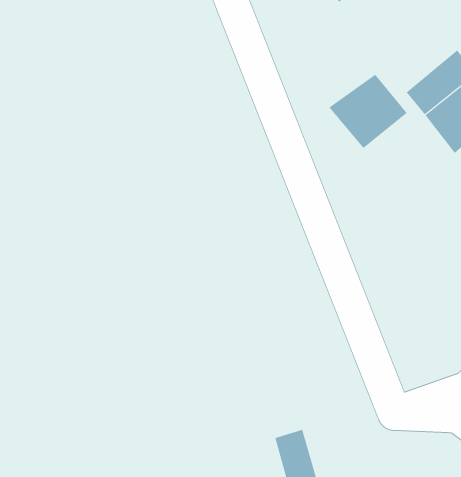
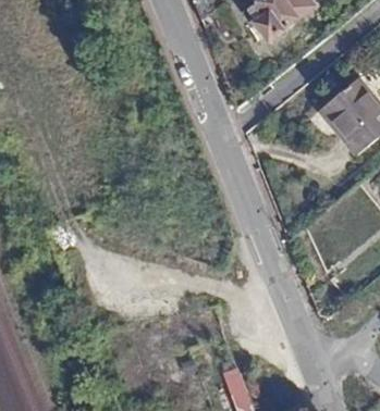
building: [329,74,408,149] -> none

